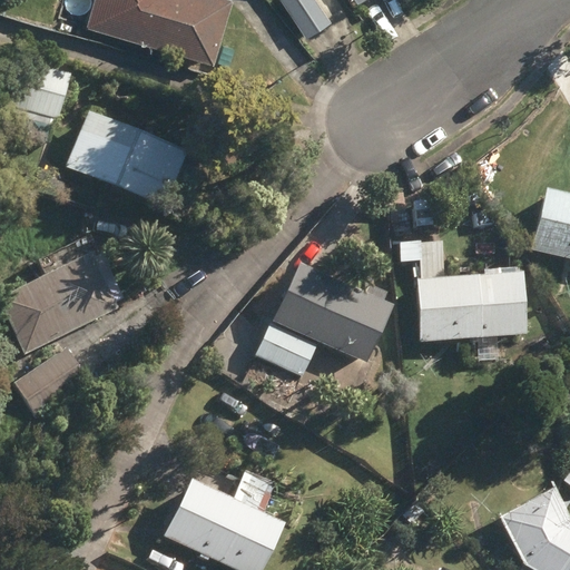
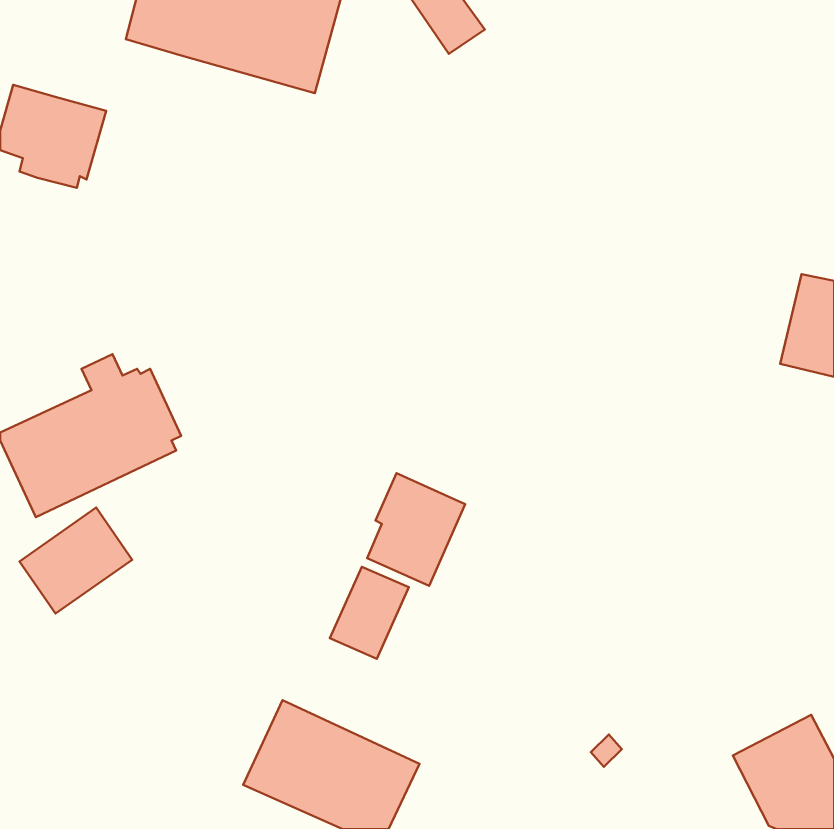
building: [66,115,202,213] -> none
building: [416,239,528,340] -> none
building: [274,262,395,362] -> none
building: none -> [330,567,409,659]

